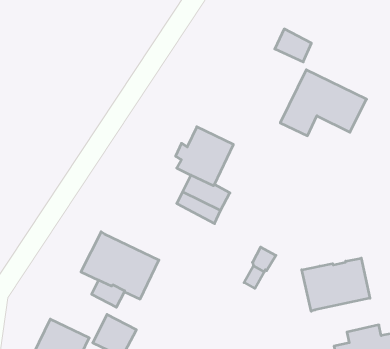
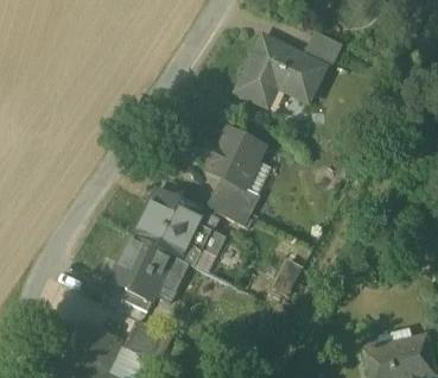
building: [280,70,367,136] -> [237,37,324,103]
building: none -> [134,188,223,265]
building: [302,258,370,311] -> none

